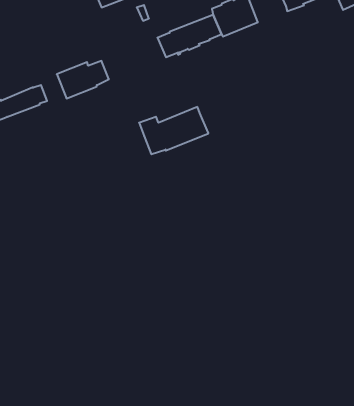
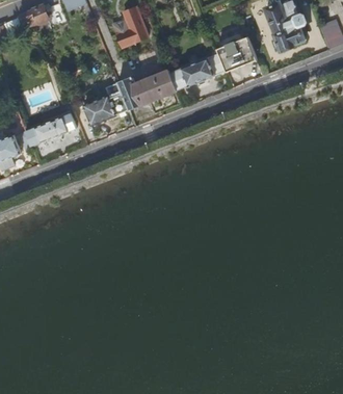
building: [139,107,208,154] -> [117,69,177,109]

